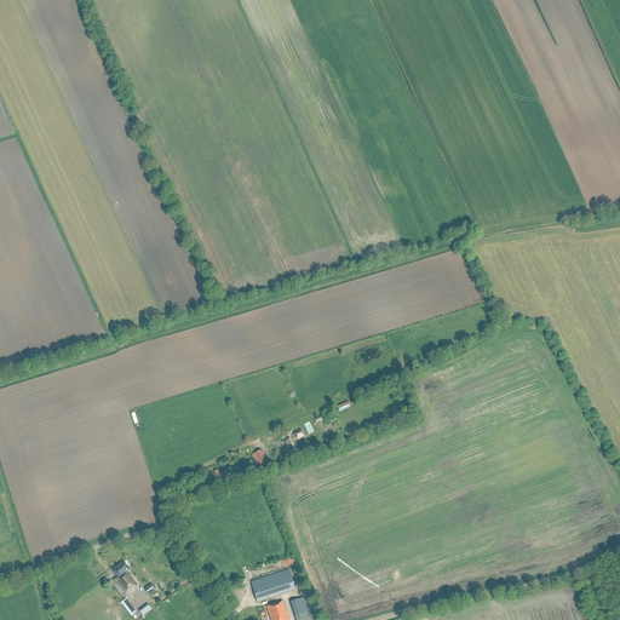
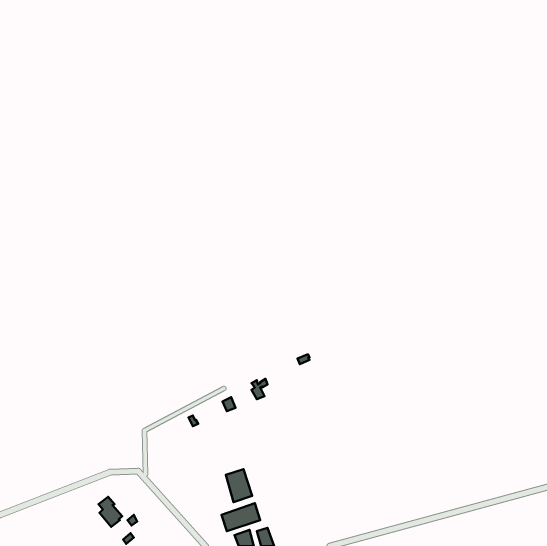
building: none -> [226,469,252,502]

